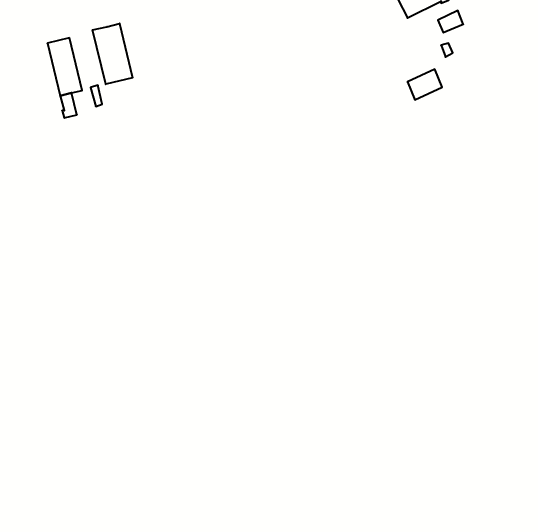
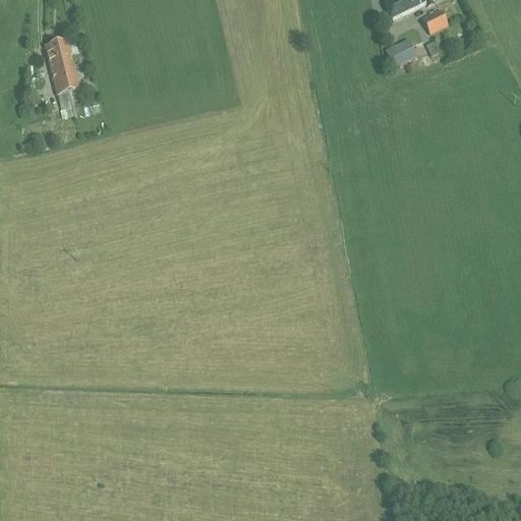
building: [93,23,133,84] -> none
building: [407,69,442,100] -> [385,38,418,67]

